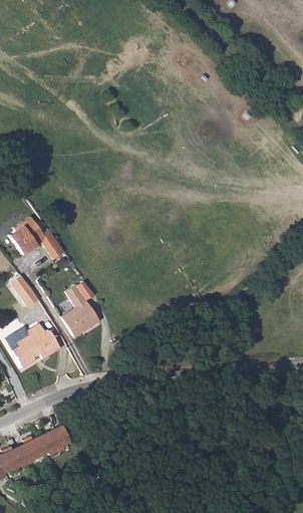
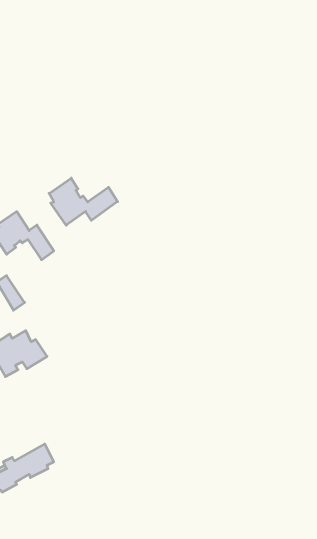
building: none -> [49,178,118,225]
building: [60,283,98,333] -> none

